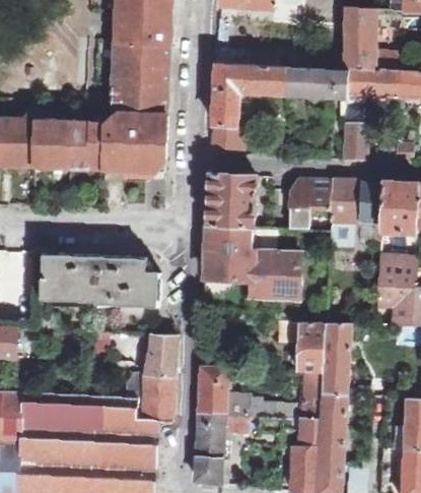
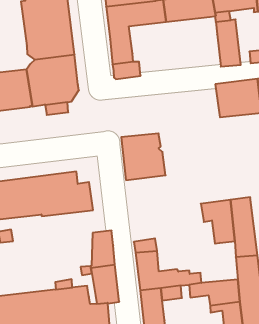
building: [207,173,254,228] -> none
building: [288,178,331,232] -> none
building: [253,249,299,302] -> none
building: [274,372,323,420] -> none

